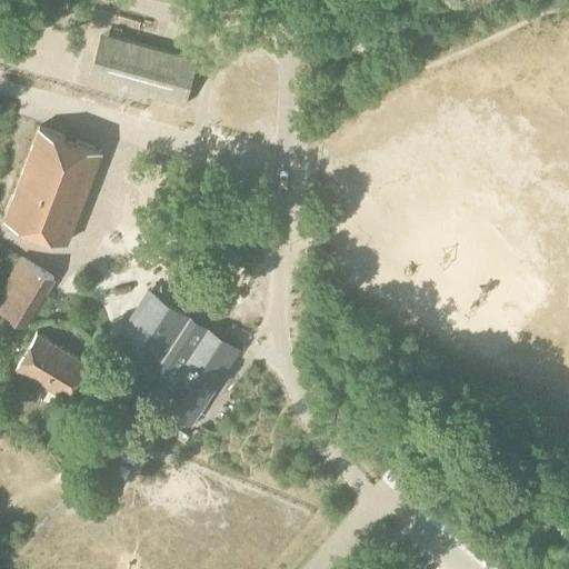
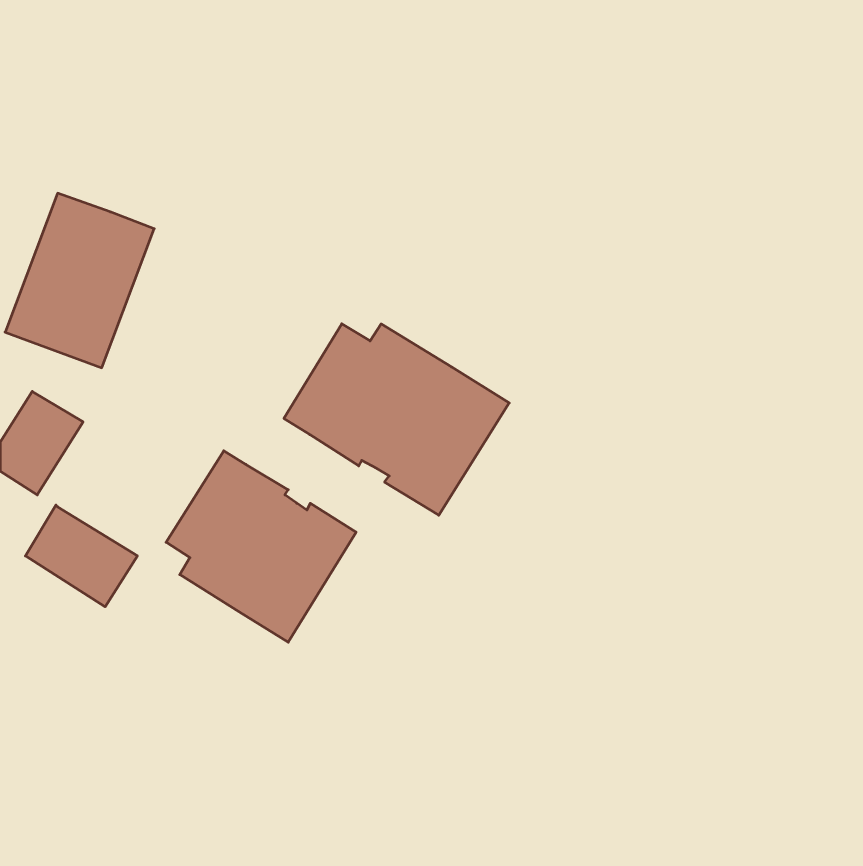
building: [102,36,199,106] -> none
building: none -> [284,324,509,515]

